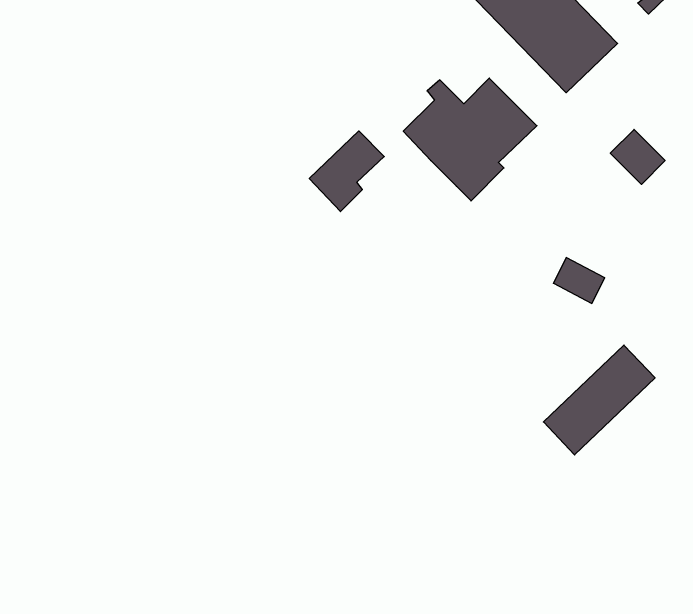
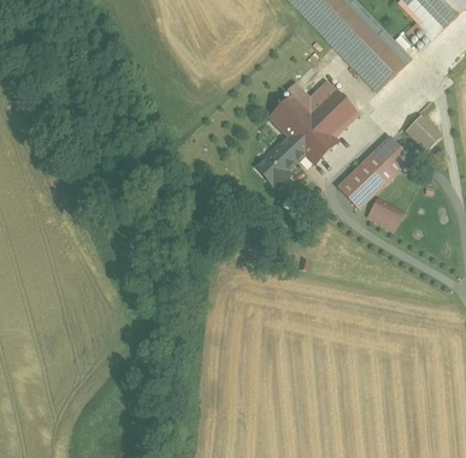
building: [309,131,384,212] -> [255,135,305,188]
building: [543,345,655,455] -> [337,136,411,208]

